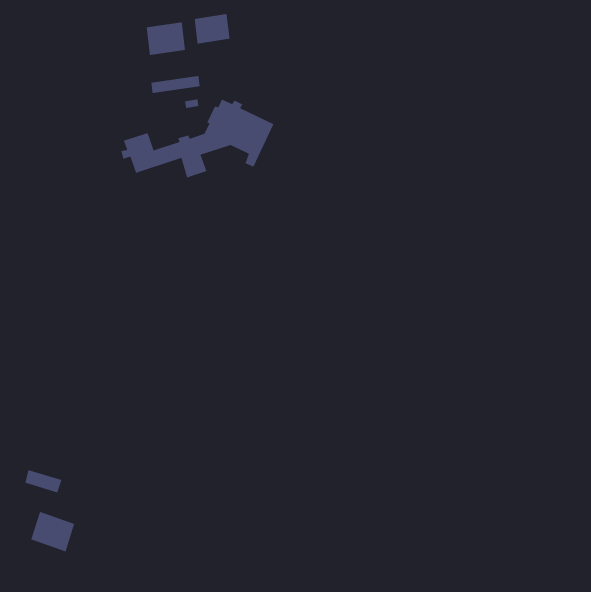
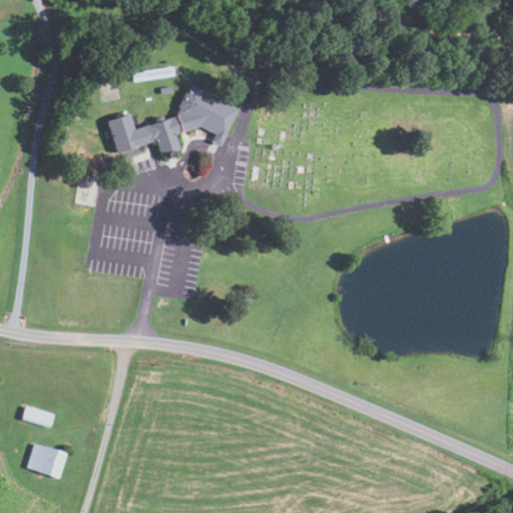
building: [194,13,230,44] -> none
building: [146,21,186,56] -> none

